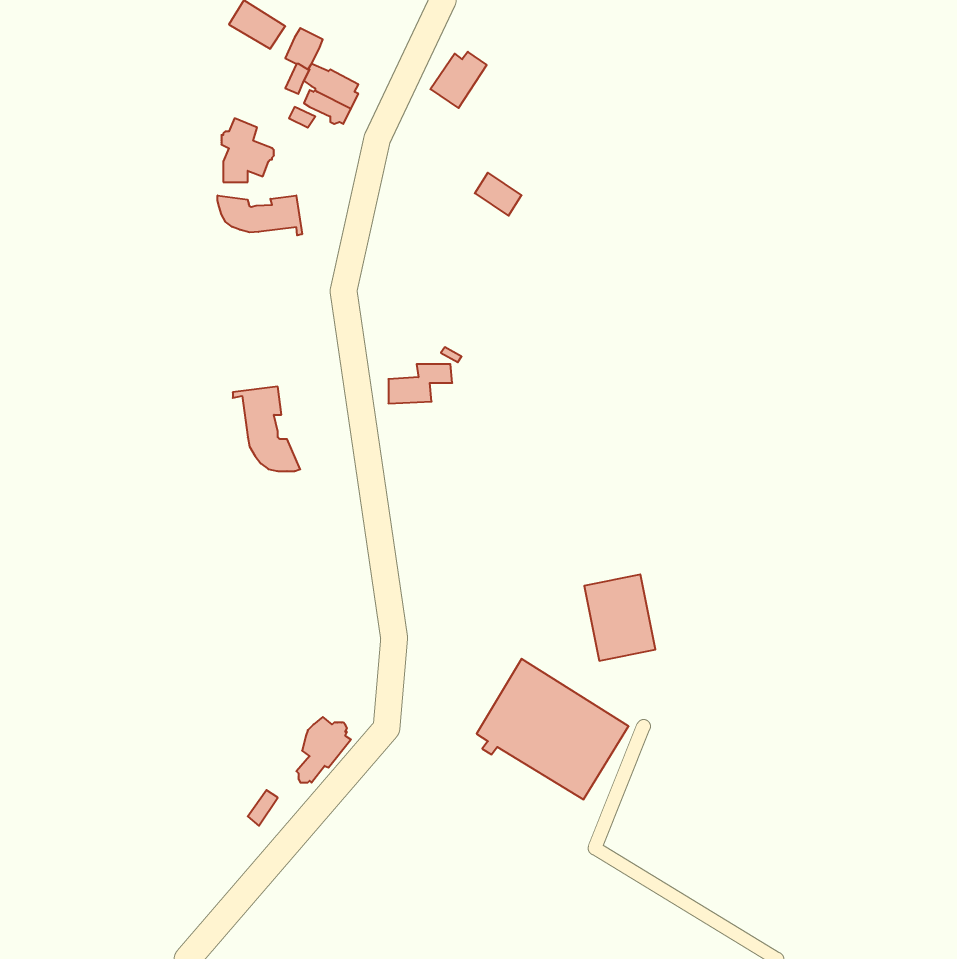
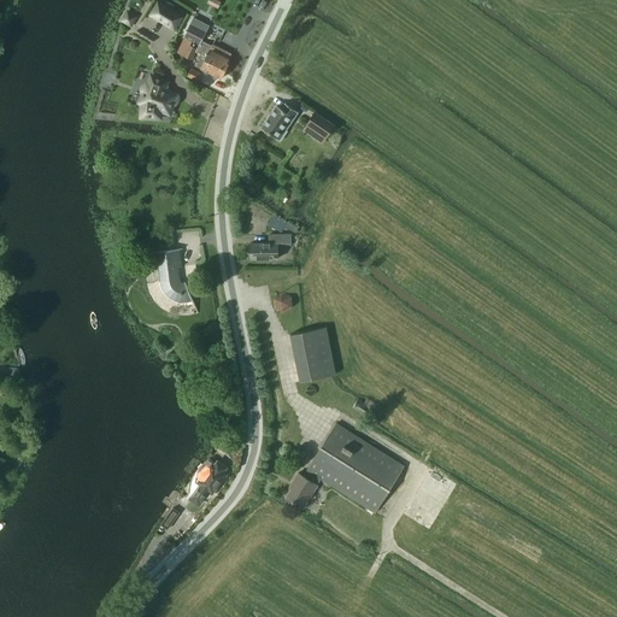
building: [430,52,487,108] -> [260,104,296,140]
building: [217,195,302,235] -> none
building: [584,574,655,661] -> [289,327,335,382]
building: none -> [286,474,317,509]

